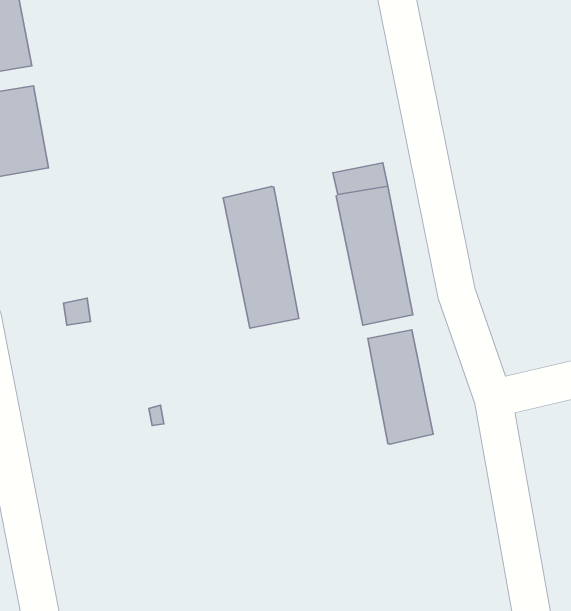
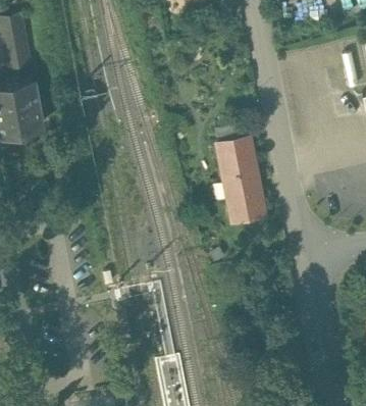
building: [223,186,299,328] -> none
building: [368,330,433,444] -> none

